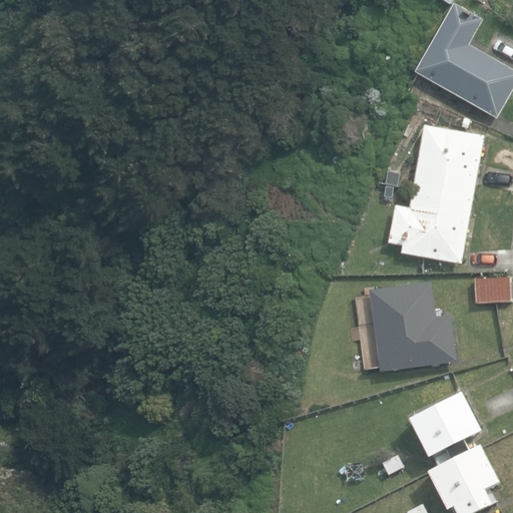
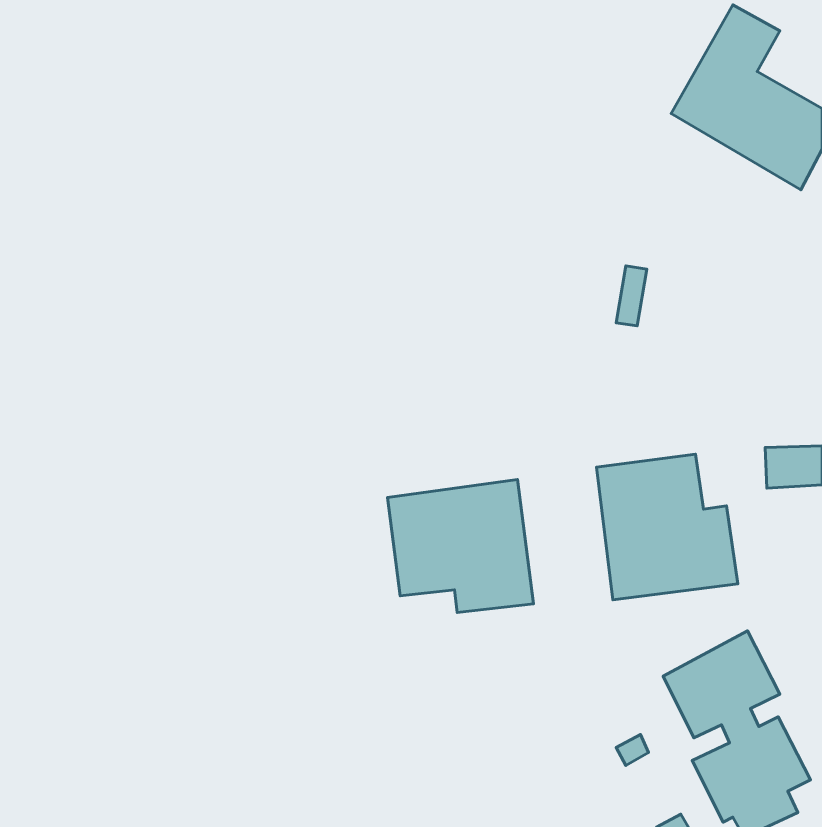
building: [388,125,483,264] -> none
building: none -> [388,480,534,612]

